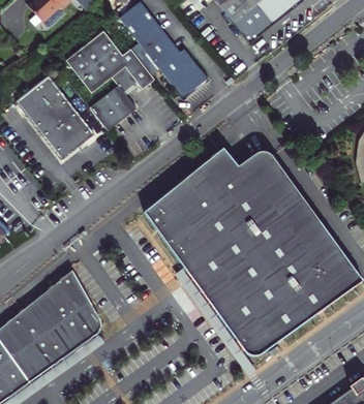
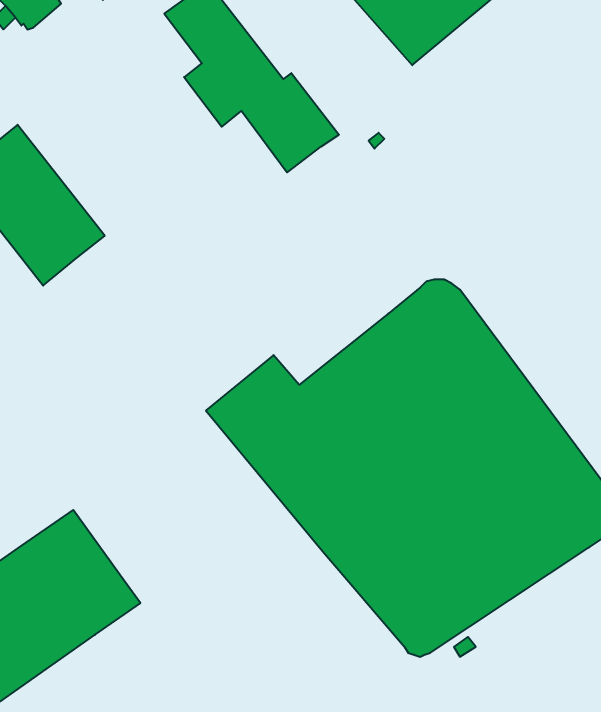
building: [67,31,154,133] -> none
building: [176,156,236,210] -> none

